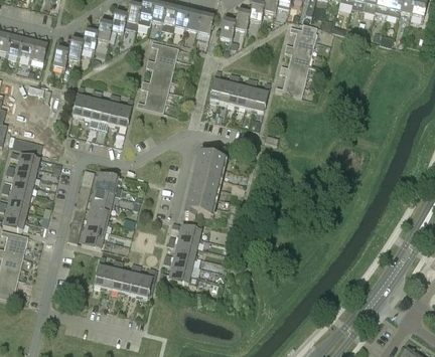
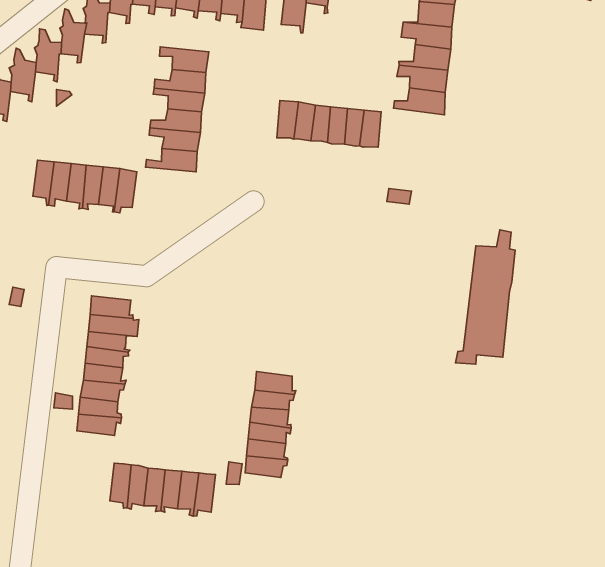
building: [184,147,225,218] -> [455,230,515,364]

